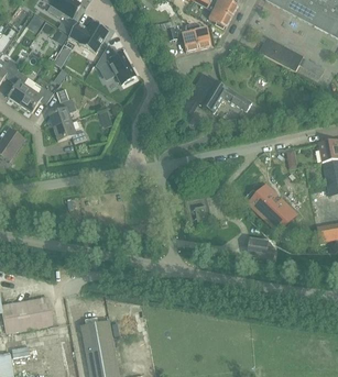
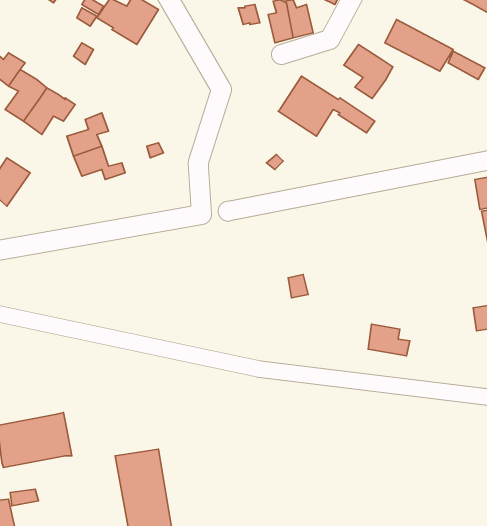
building: [96,44,135,85] -> none
building: none -> [344,45,393,98]
building: [244,181,296,232] -> none

